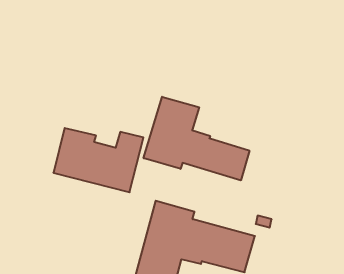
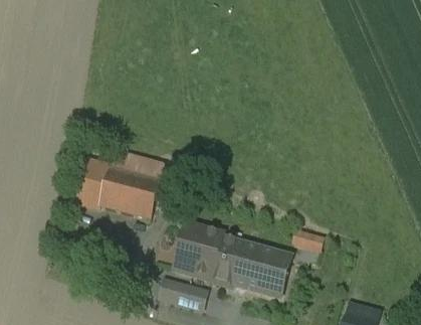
building: [144,97,249,180] -> none

